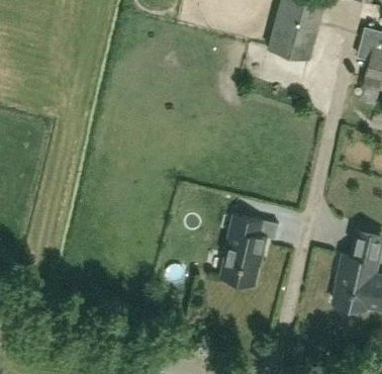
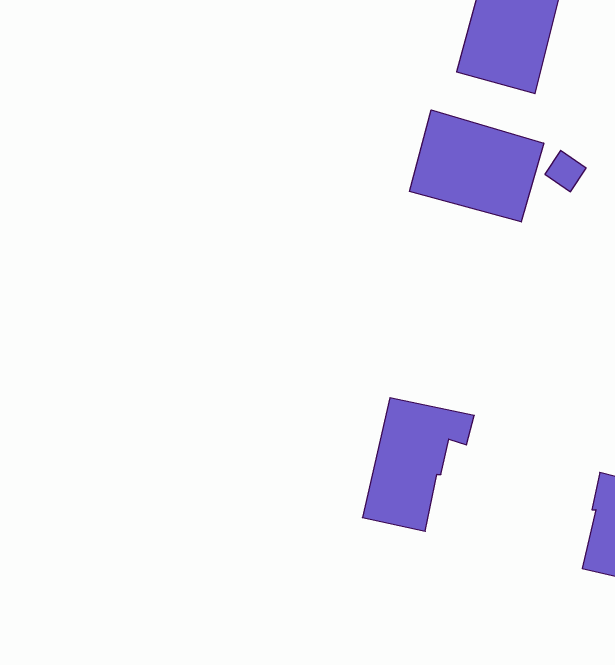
building: none -> [409,110,544,222]

